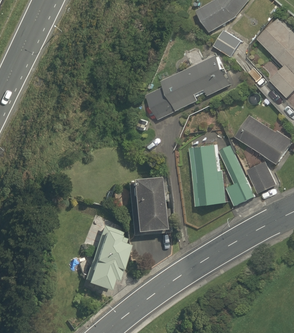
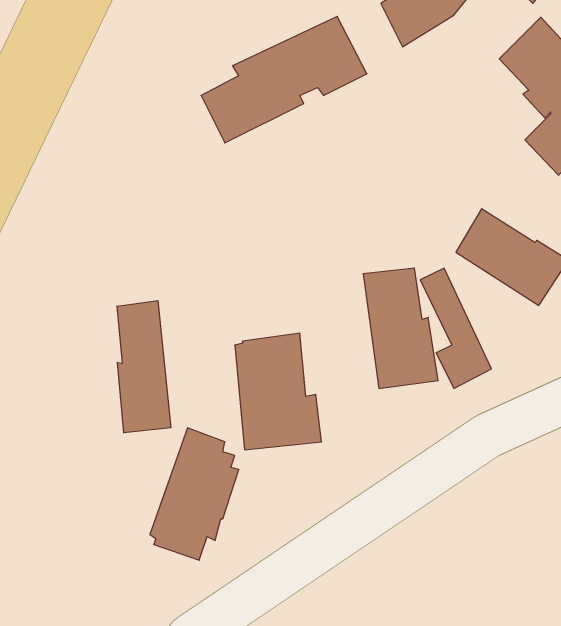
building: [213,30,241,57] -> none
building: [146,56,230,120] -> [201,16,367,143]
building: [246,161,276,194] -> none
building: none -> [117,301,171,433]

